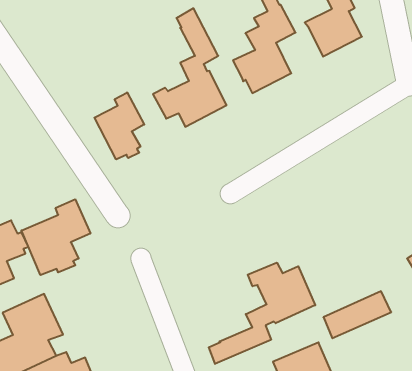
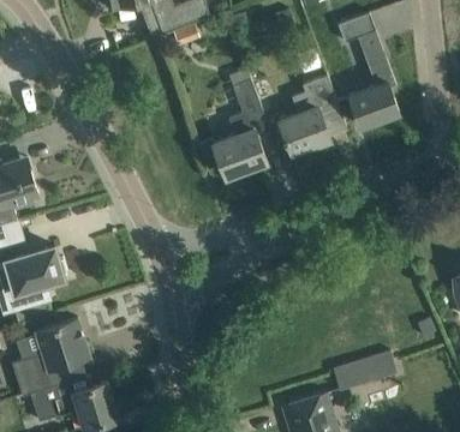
building: [94,92,144,159] -> none
building: [21,199,90,275] -> none
building: [209,263,315,364] -> none

